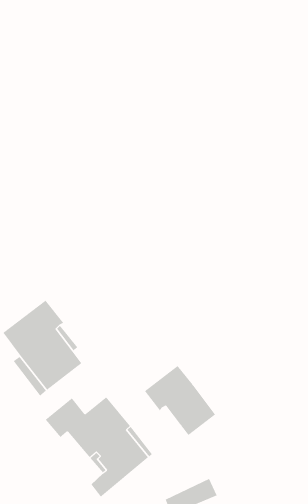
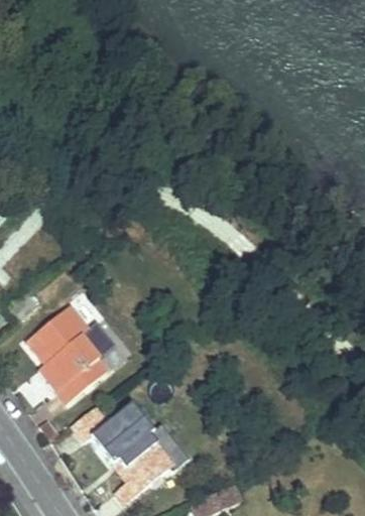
building: [144,365,216,436] -> none

